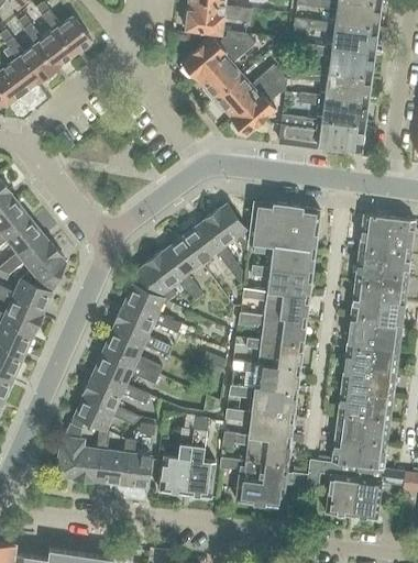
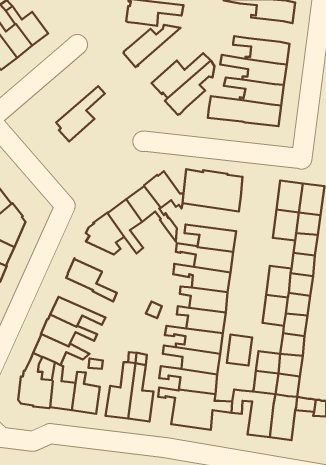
building: [293,19,377,54] -> none
building: [197,35,254,100] -> [56,86,105,141]
building: [249,241,315,274] -> none
building: [351,282,381,318] -> none
building: [122,285,182,333] -> none
building: [103,329,162,375] -> none
building: [338,382,367,418] -> [227,335,252,366]

